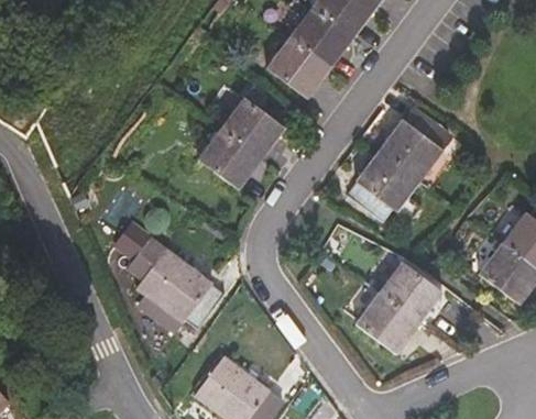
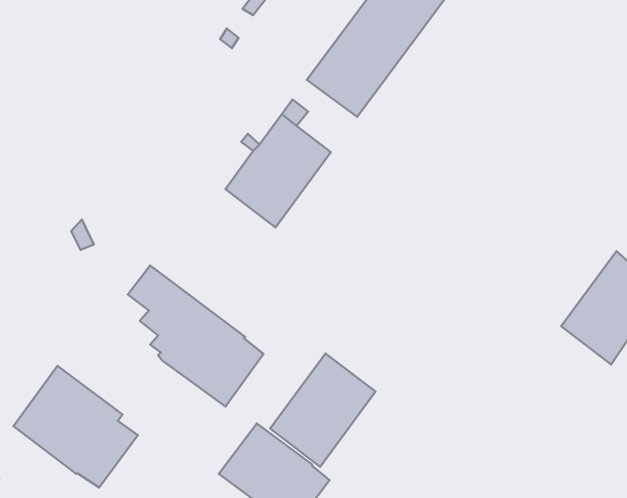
building: [348,107,449,222] -> none
building: [355,261,444,355] -> [270,353,376,467]
building: none -> [14,366,138,487]

